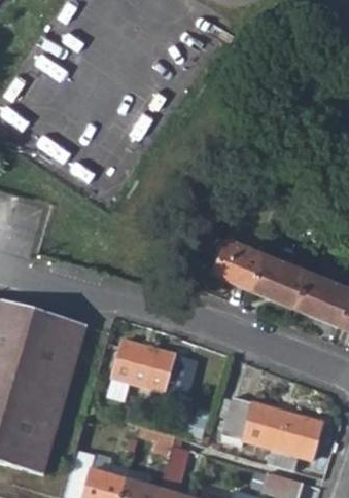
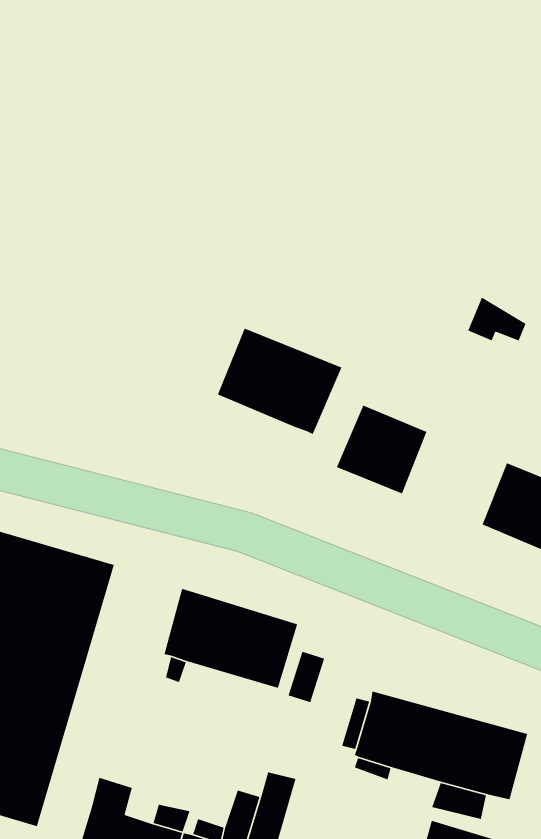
building: none -> [217,328,343,435]
building: [251,251,311,305] -> none

